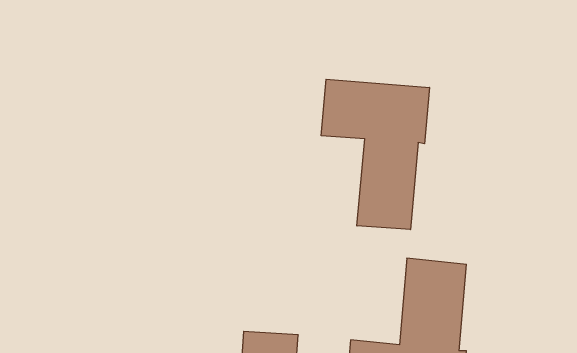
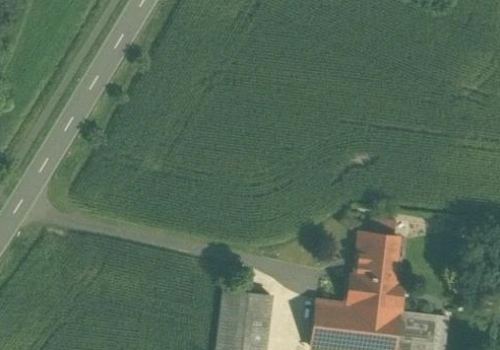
building: [321,79,429,230] -> none

